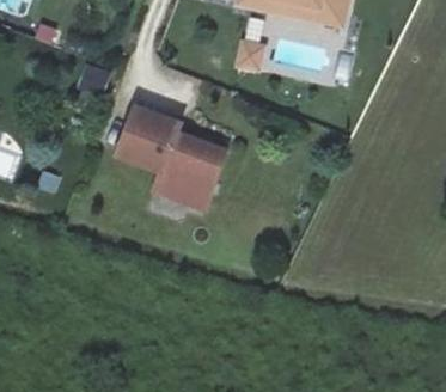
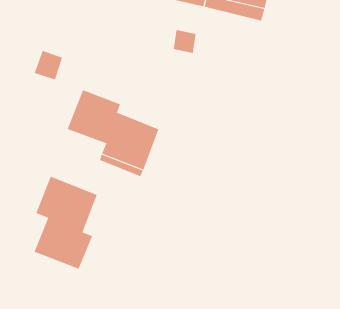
building: none -> [34,176,97,270]

